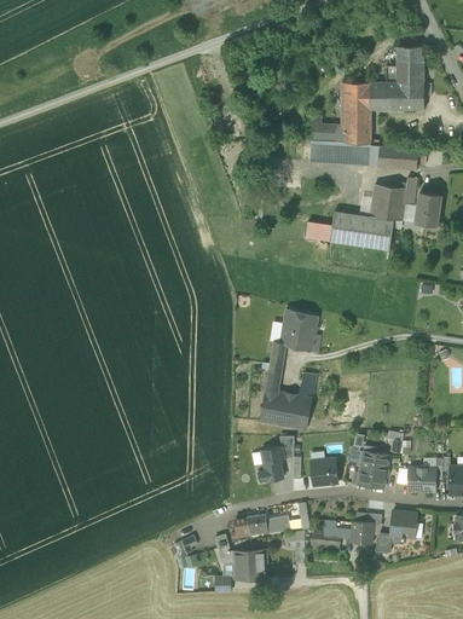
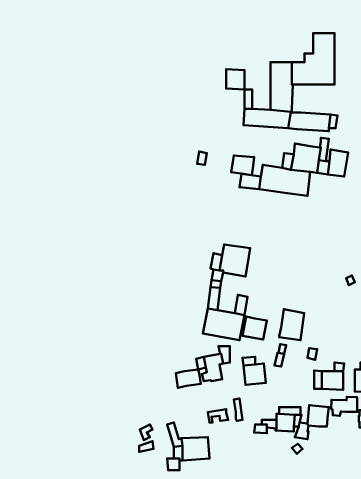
building: [322,117,345,143] -> [226,69,244,89]
building: none -> [231,155,254,175]
building: none -> [243,317,267,340]
building: [358,451,389,490] -> [279,309,304,340]
building: none -> [331,397,357,416]
building: [237,515,268,538] -> [176,369,201,388]

